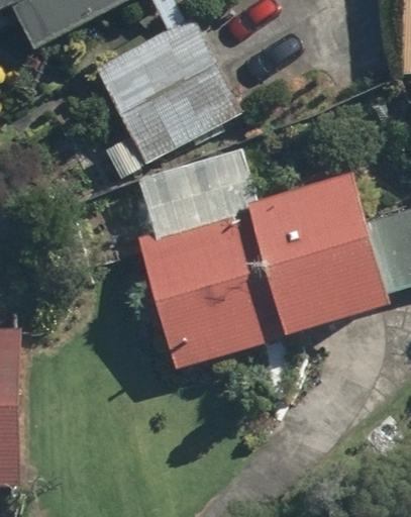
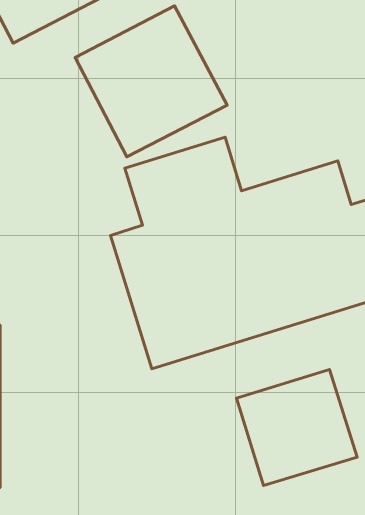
building: none -> [236,369,357,486]

